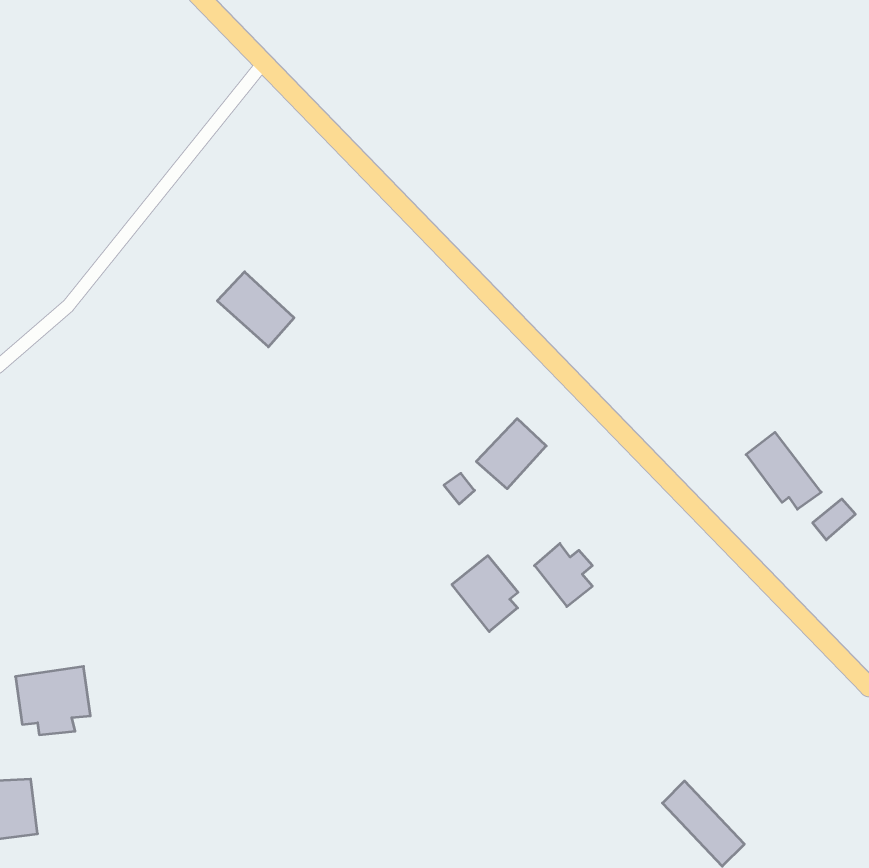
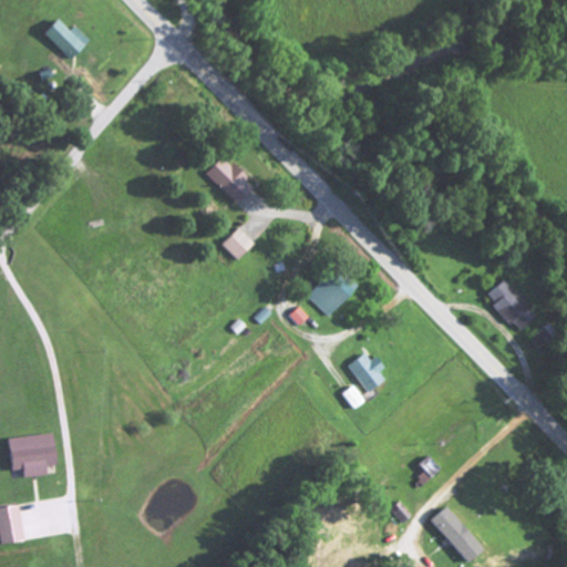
building: none -> [43,19,90,60]
building: [217,272,294,347] -> [205,156,255,205]
building: none -> [220,227,254,260]
building: [452,556,518,632] -> none

